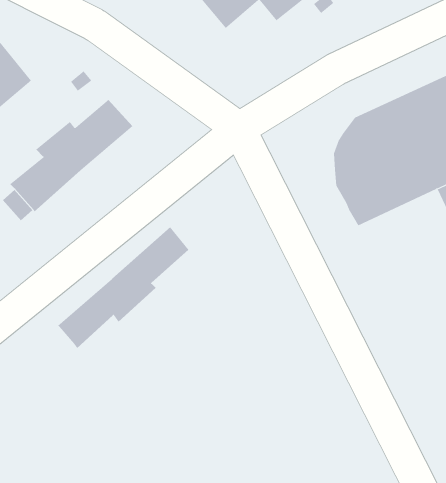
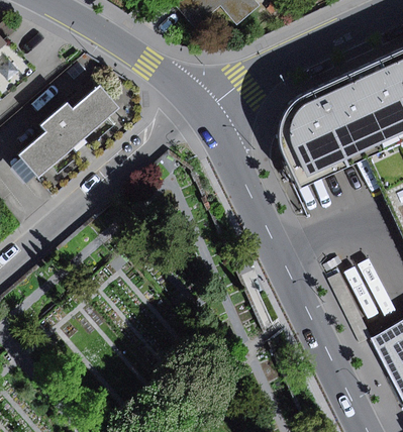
building: [57,227,189,349] -> none

